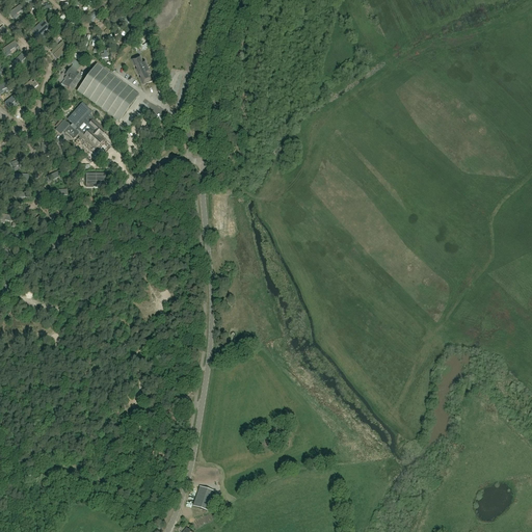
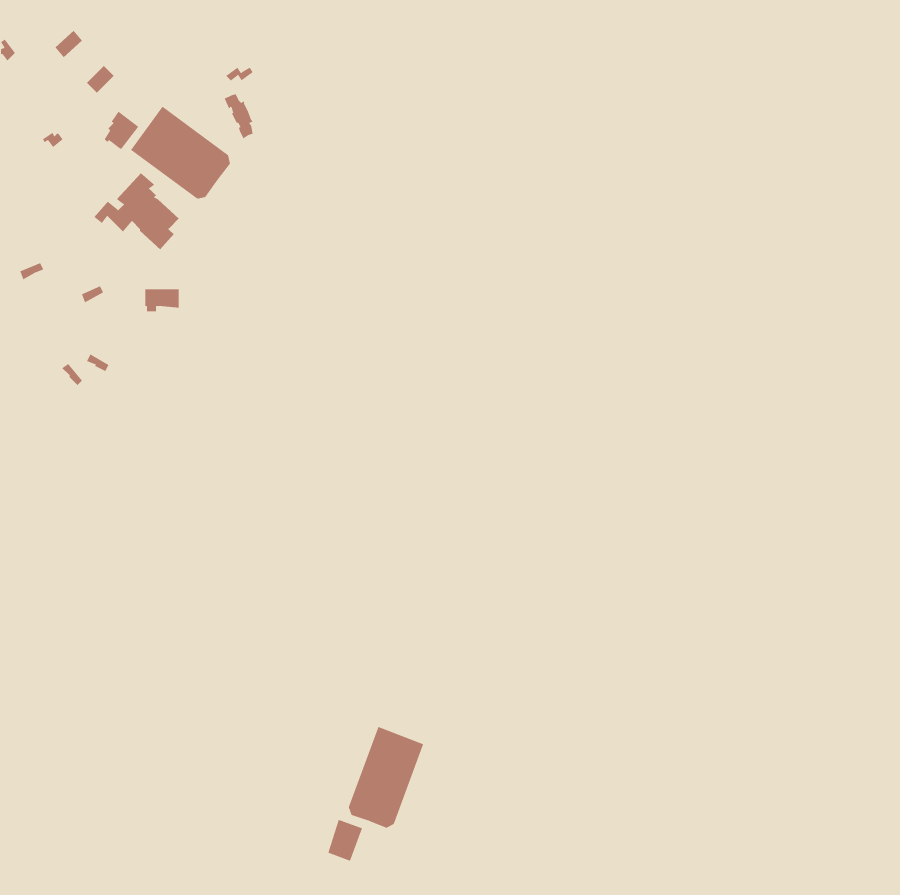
building: none -> [348,726,424,828]

